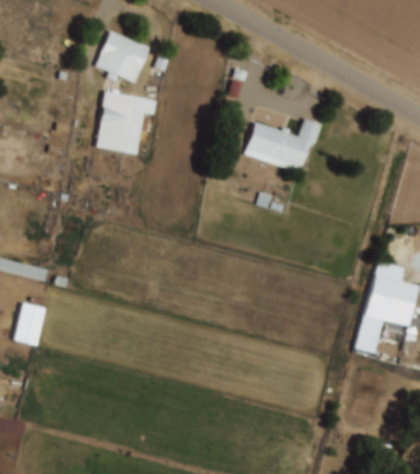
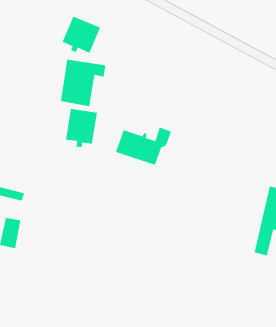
building: [247,120,323,172] -> [115,127,172,166]
building: none -> [65,108,97,148]

